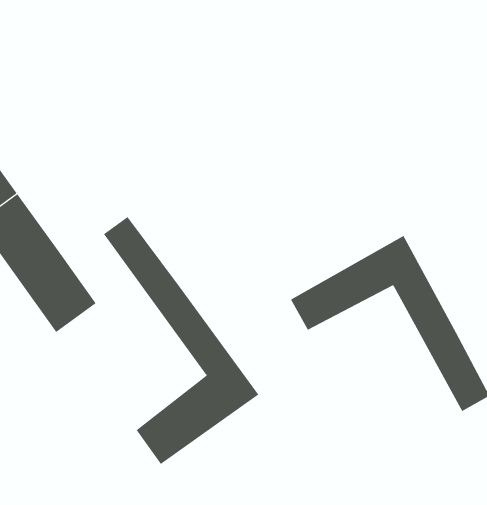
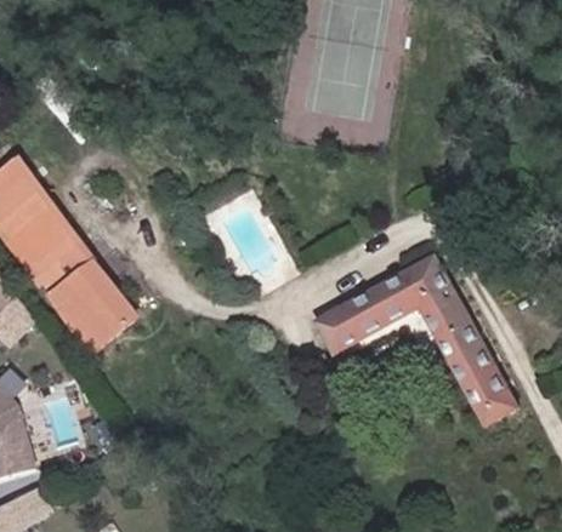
building: [103,216,259,465] -> none

